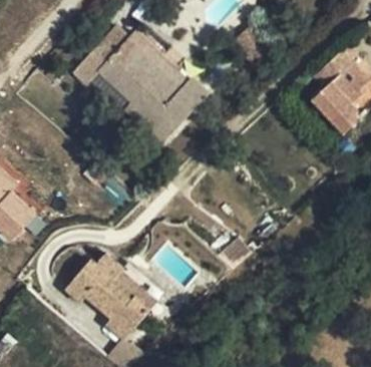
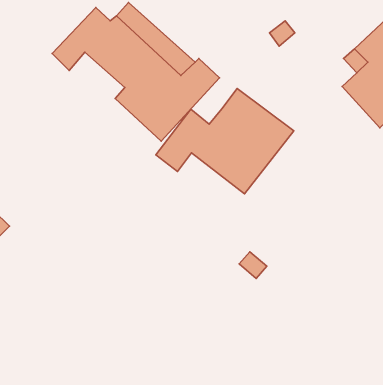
building: none -> [156,88,294,194]
building: [66,252,152,338] -> none

